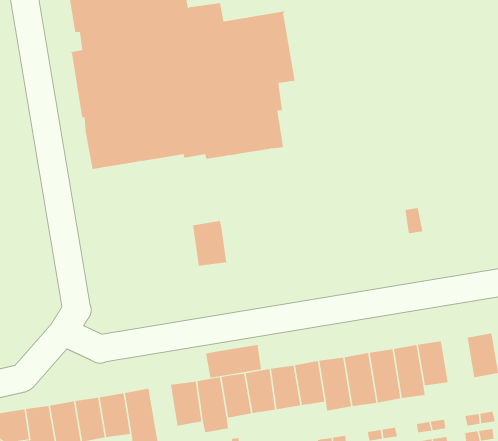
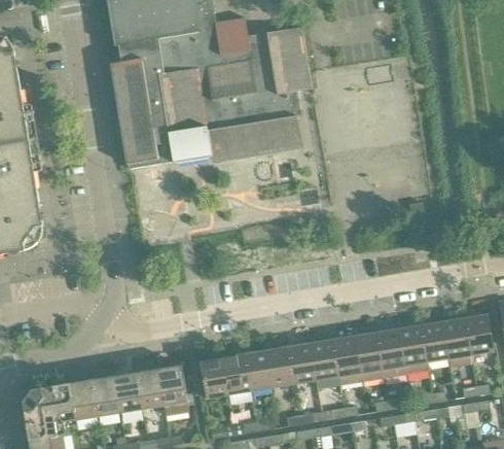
building: [192,220,227,266] -> none
building: none -> [441,318,471,366]
building: [205,344,261,378] -> none

